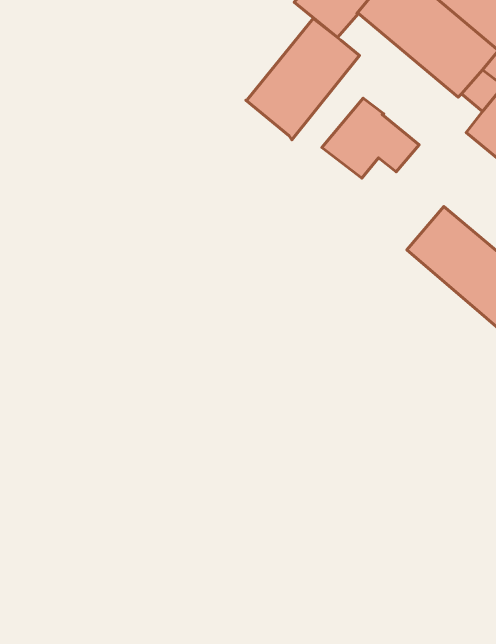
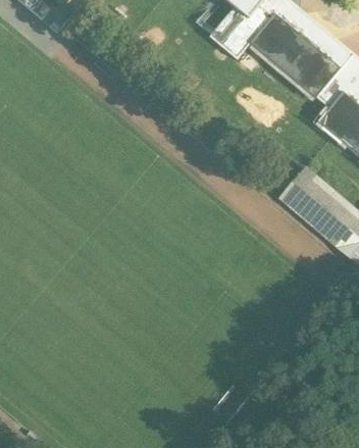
building: [246,19,360,140] -> none
building: [322,98,419,178] -> none

